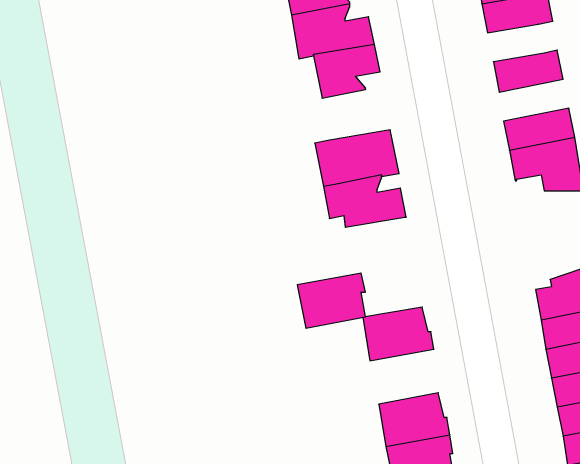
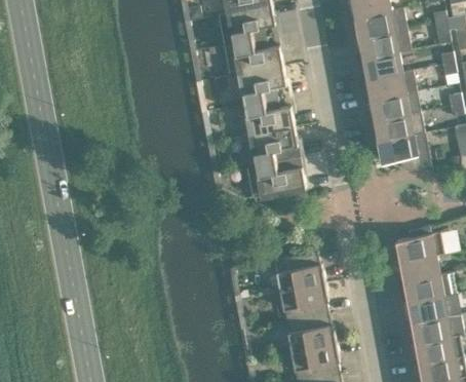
building: none -> [362,51,402,78]
building: none -> [371,90,420,120]
building: none -> [245,98,294,133]
building: [297,273,365,328] -> [279,281,327,320]

